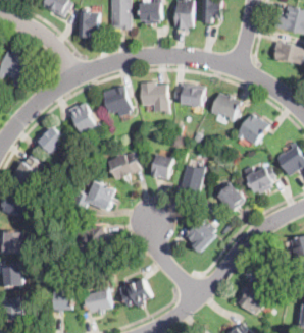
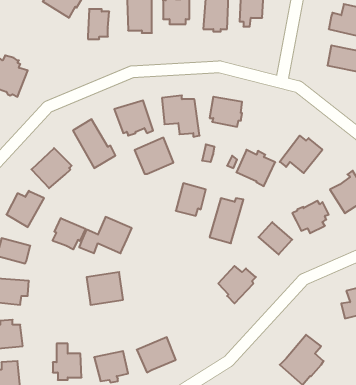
building: [211,93,243,122] -> [236,150,275,186]
building: [108,151,140,180] -> [135,138,173,174]
building: none -> [53,218,85,249]

